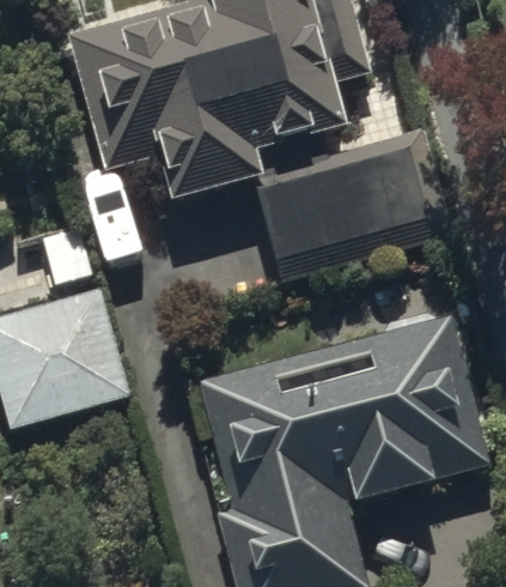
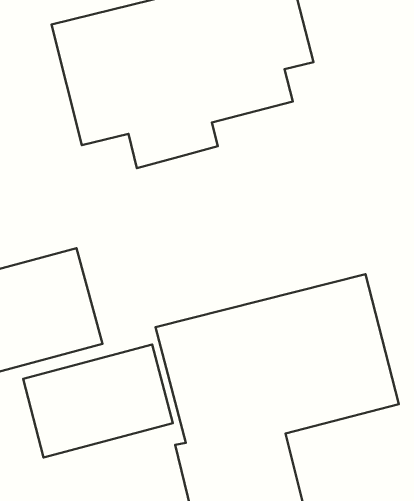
building: [255,133,446,283] -> none
building: none -> [23,344,173,458]

